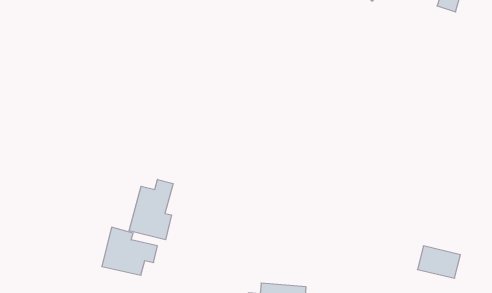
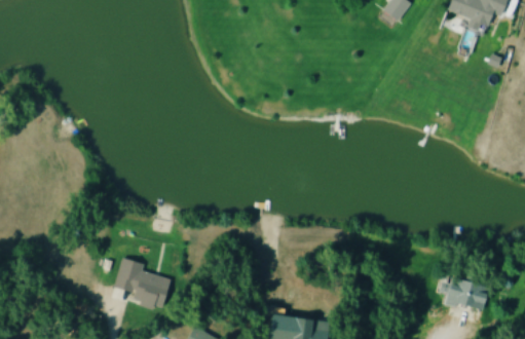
building: [129,179,173,240] -> none

